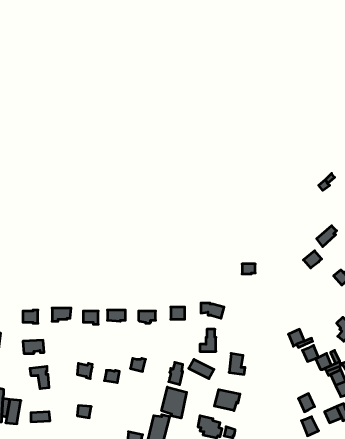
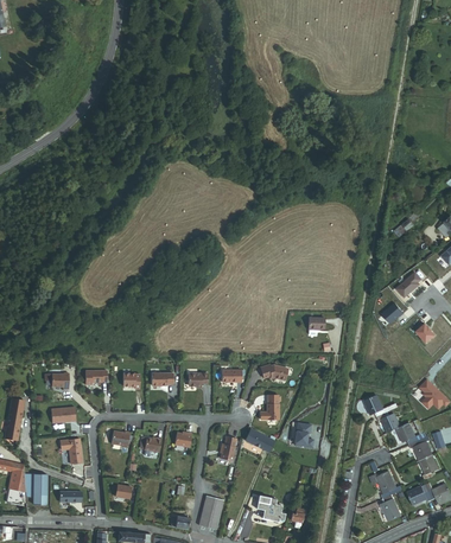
building: [162,387,187,418] -> none
building: [214,390,240,411] -> none

